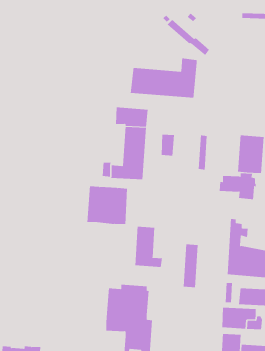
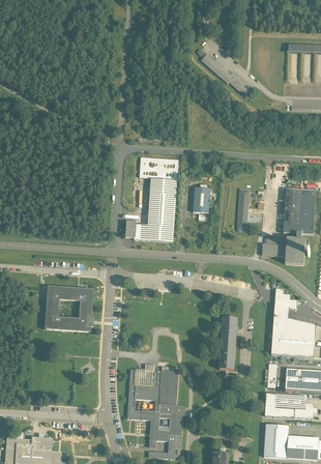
building: [130,57,198,99] -> none
building: [87,186,128,224] -> [45,286,93,331]
building: [135,226,162,268] -> none

